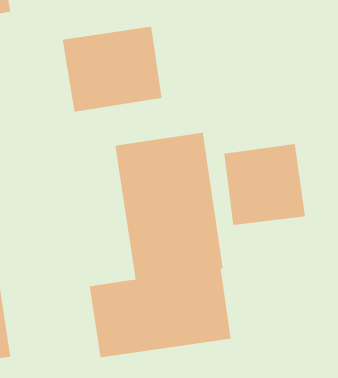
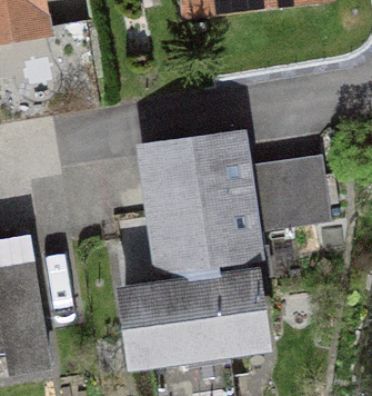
building: [62,26,162,112] -> none

